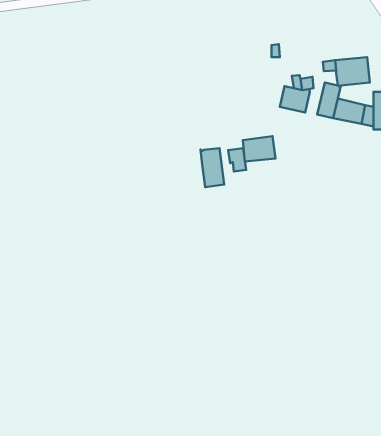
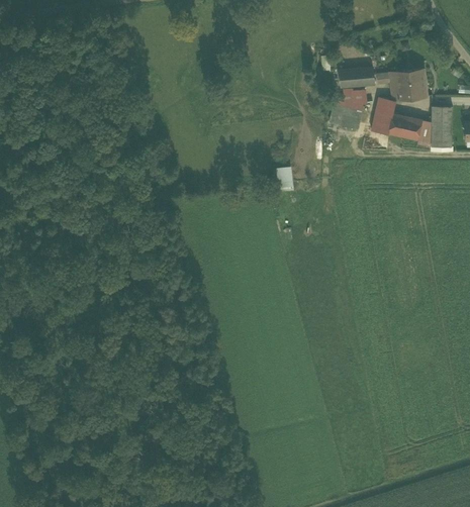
building: none -> [340,67,374,86]
building: [243,136,275,161] -> none
building: [200,148,224,187] -> none

